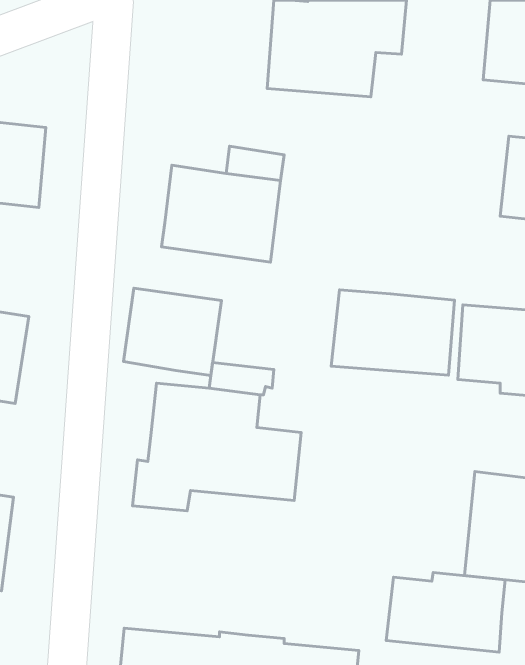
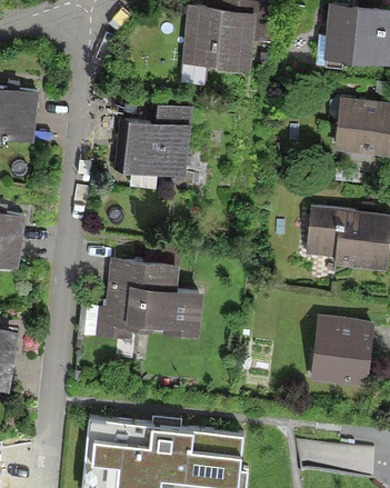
building: [124,288,221,375] -> none
building: [331,290,455,375] -> none
building: [386,573,505,652] -> none

